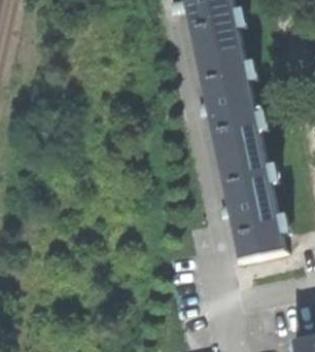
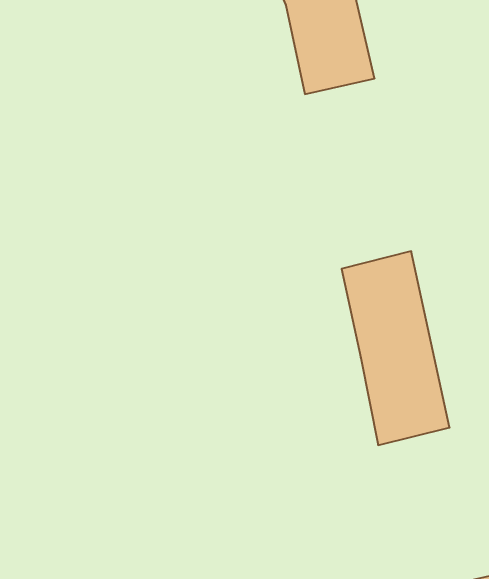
building: [197,47,259,160] -> none

